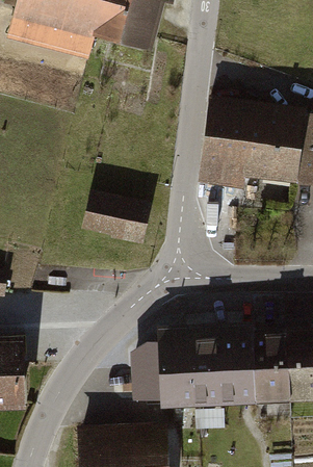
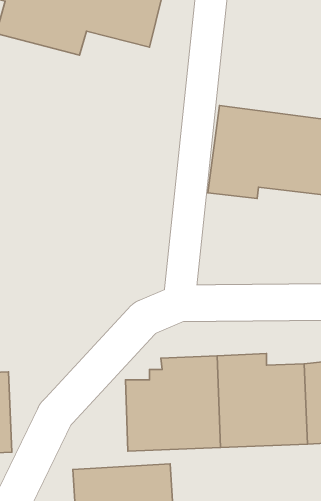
building: [83,188,153,242] -> none

